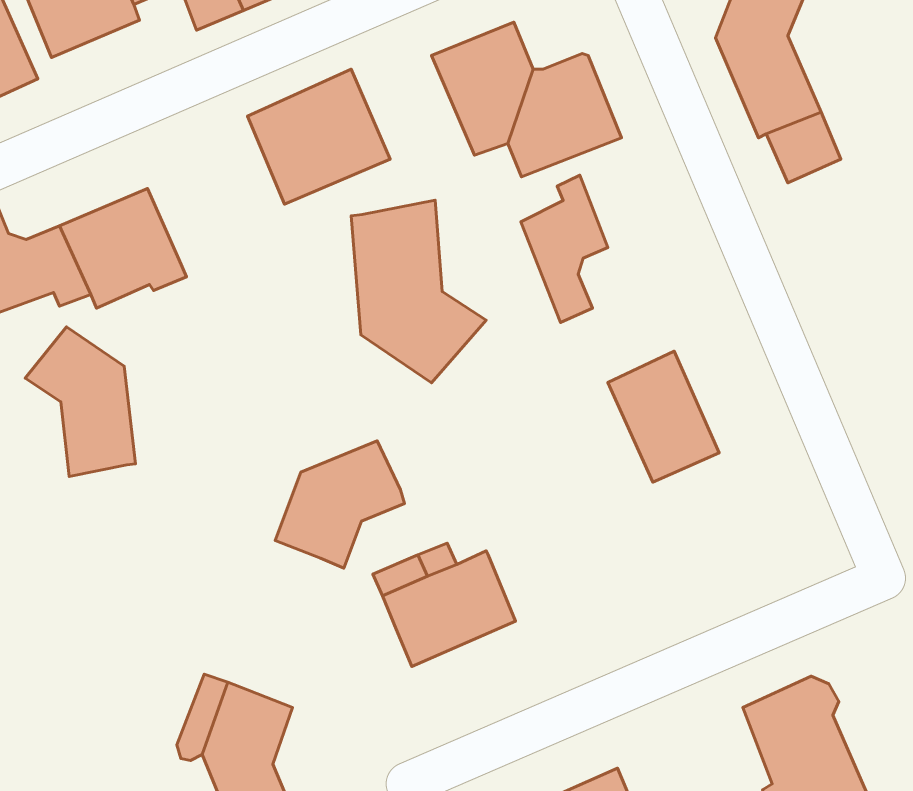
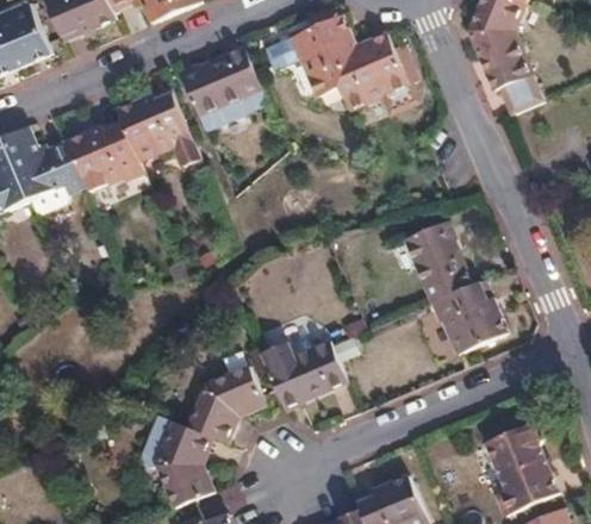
building: none -> [119,88,194,162]
building: [521,175,608,323] -> none
building: [351,200,486,383] -> none
building: [25,327,135,477] -> none
building: [275,441,405,568] -> [182,363,261,441]
building: none -> [429,275,503,348]

